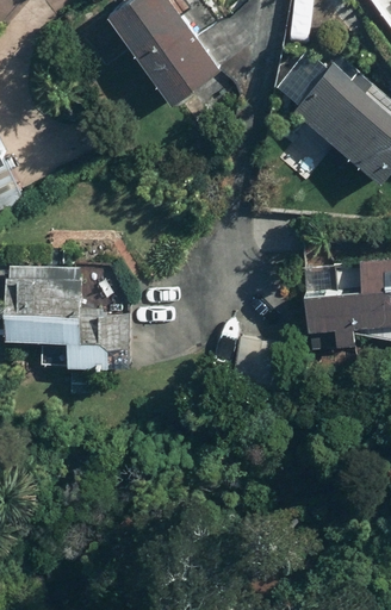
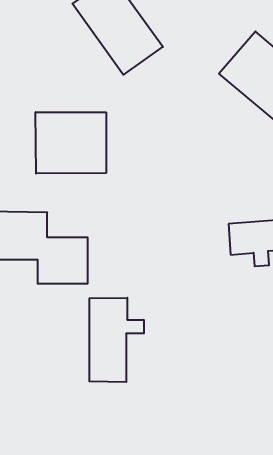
building: none -> [36,112,106,174]
building: none -> [89,298,144,382]

